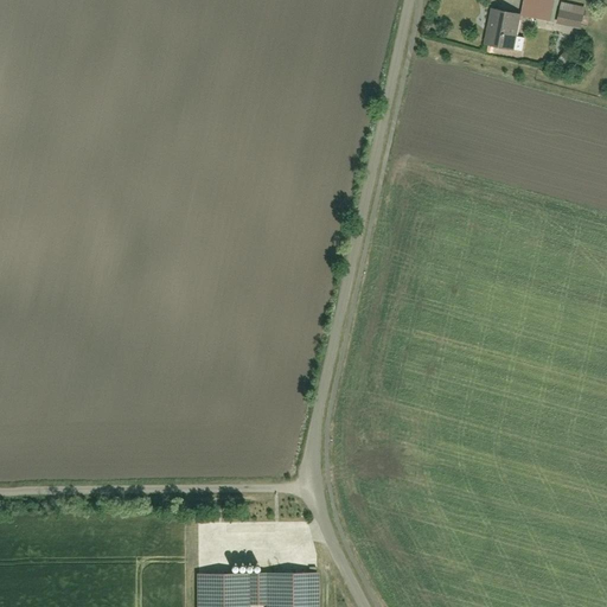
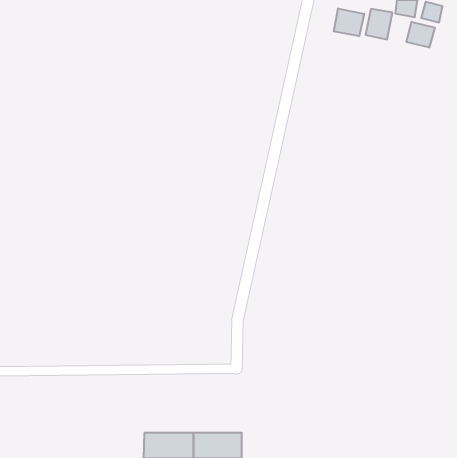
building: none -> [334,8,364,36]
building: none -> [407,22,435,48]

